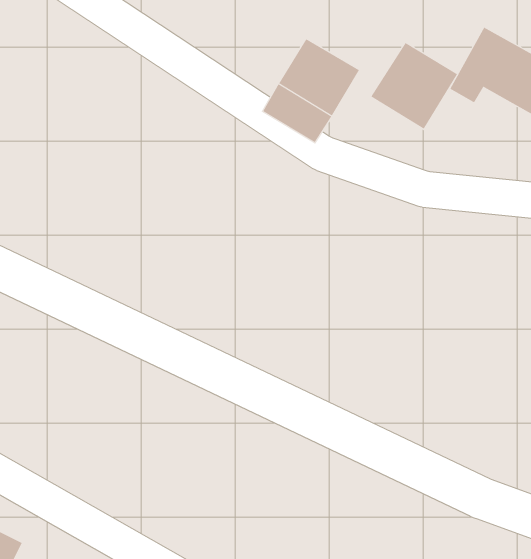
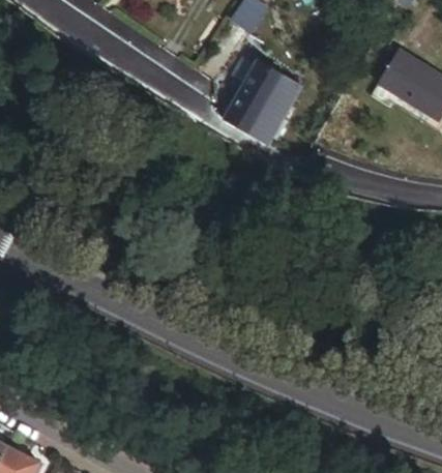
building: [371,42,458,130] -> none

